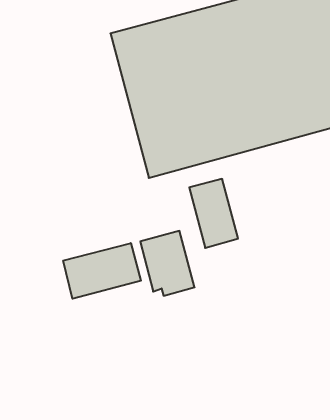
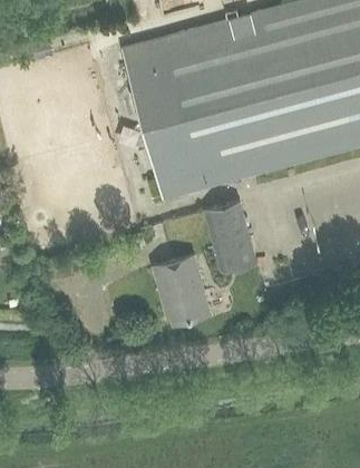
building: [63,243,141,299] -> none

